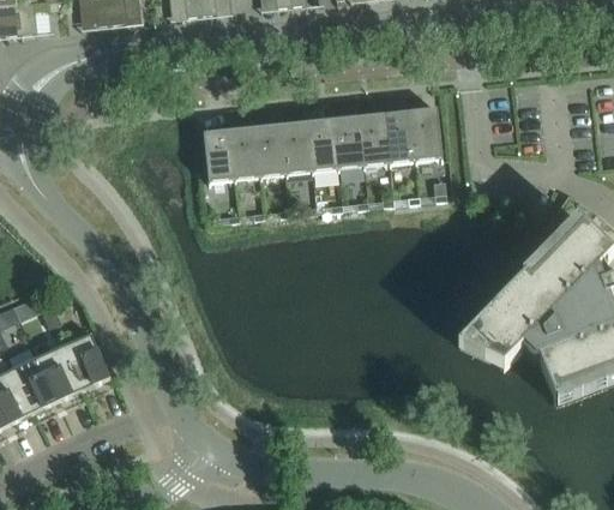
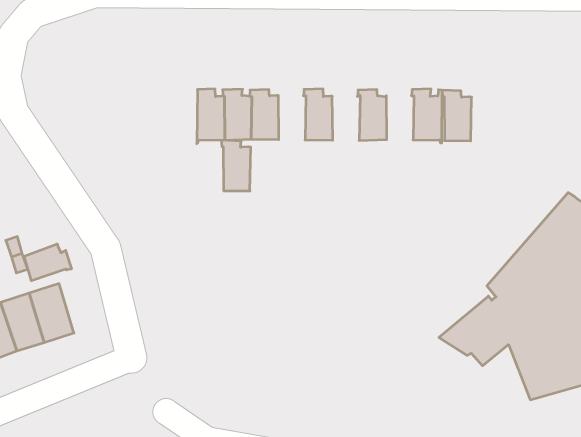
building: [383,112,415,161] -> [442,90,472,141]
building: [331,116,363,167] -> none
building: [279,122,312,172] -> [221,140,251,191]
building: none -> [24,244,71,281]

